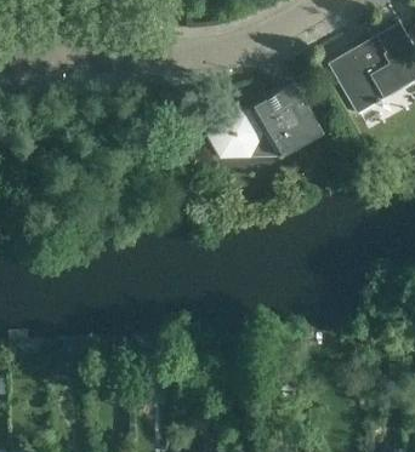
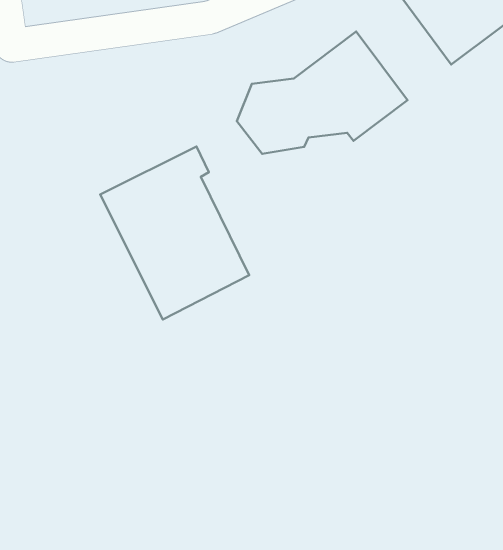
building: none -> [100,147,249,320]

